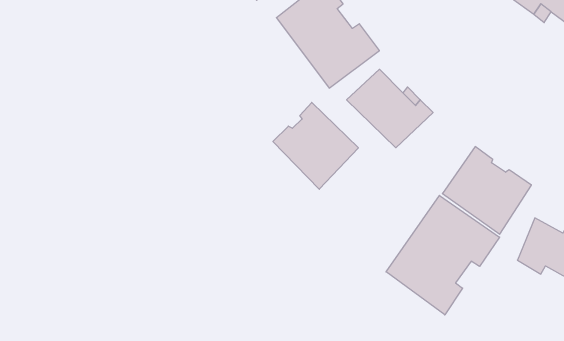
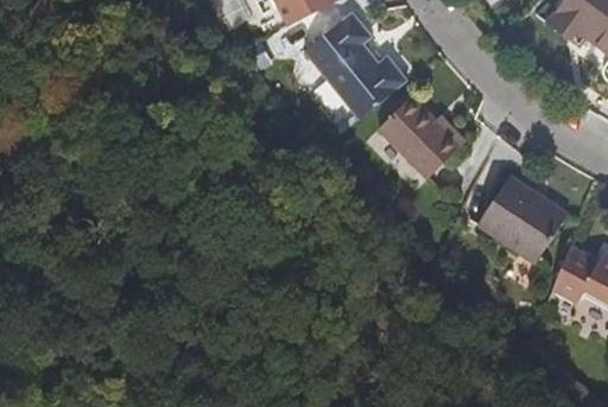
building: [273,102,358,189] -> none
building: [386,195,500,315] -> none

